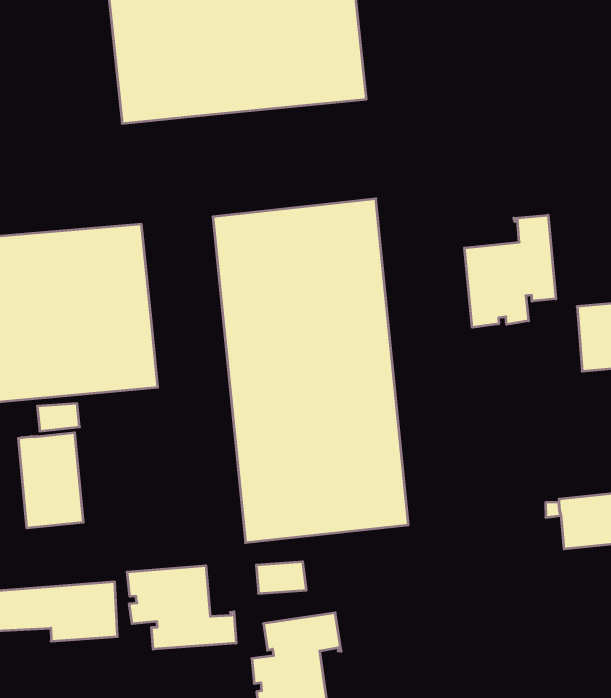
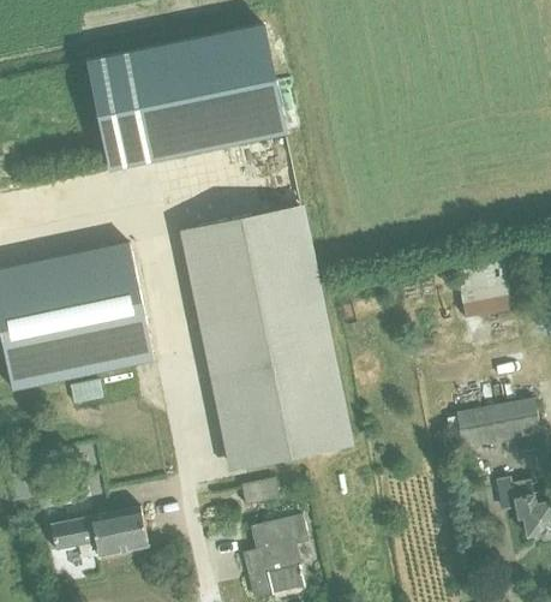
building: [464,215,556,327] -> none
building: [18,433,83,528] -> none
building: [127,566,236,649] -> none

